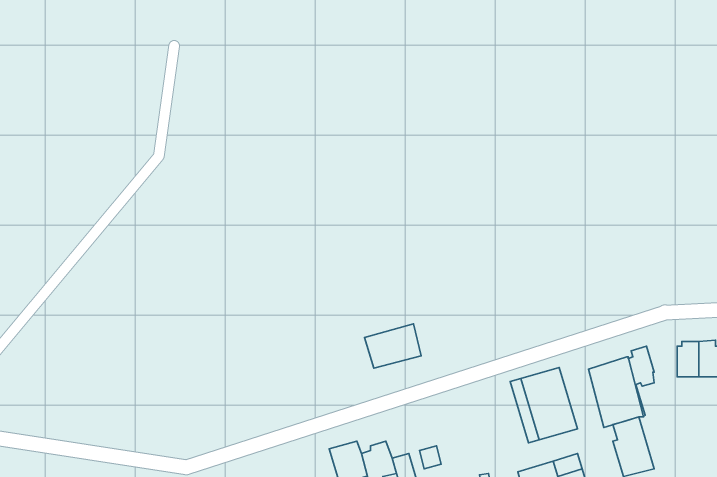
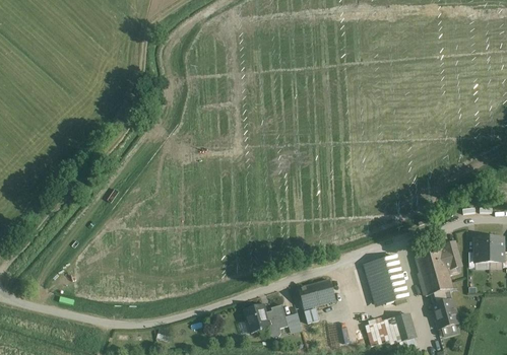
building: [365,324,421,368] -> [297,279,334,308]

